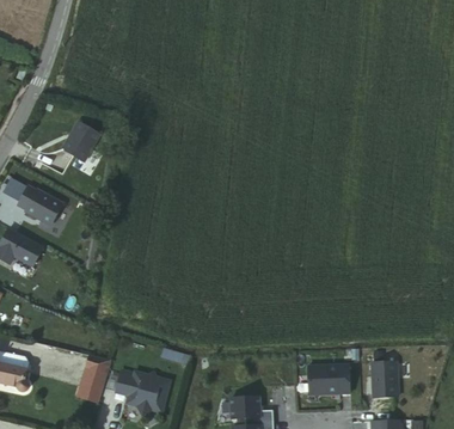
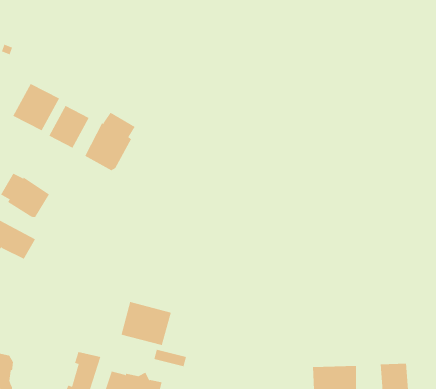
building: none -> [13,83,60,131]
building: none -> [85,112,135,171]
building: none -> [121,301,171,346]

